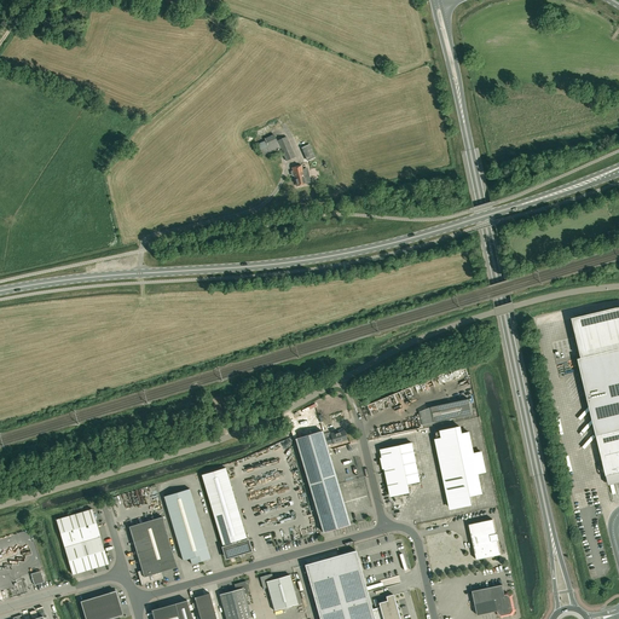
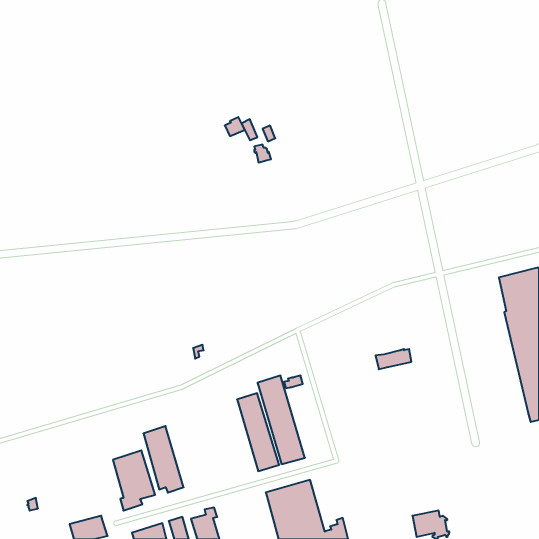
building: [435,427,485,509] -> none
building: [381,442,420,497] -> none
building: [202,468,250,557] -> [237,393,279,471]
building: [56,509,109,574] -> none
building: [469,520,501,560] -> none
building: [260,574,299,611] -> none

